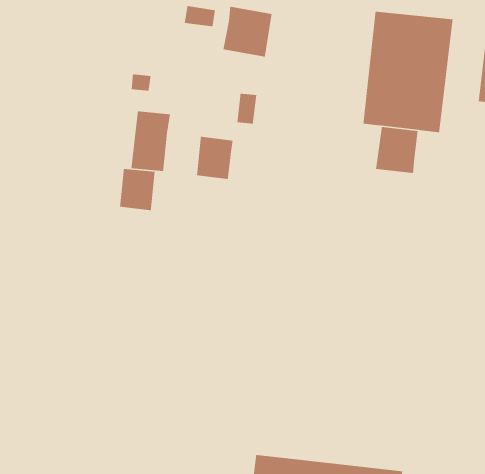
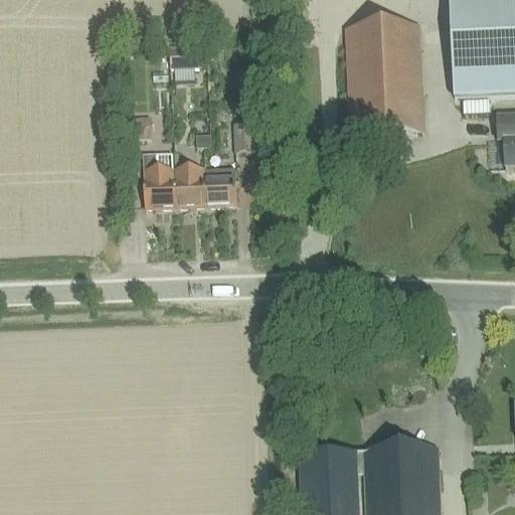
building: [223,6,273,57] -> none
building: [375,126,419,174] -> none
building: [119,168,155,211] -> [174,167,206,205]

